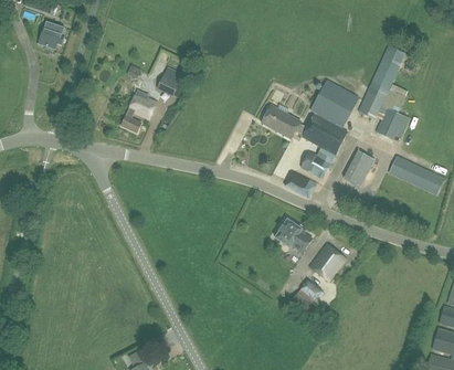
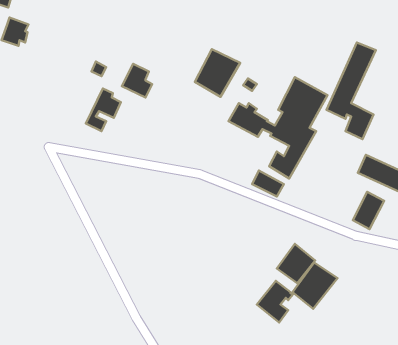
building: none -> [195,49,240,97]
building: [344,149,374,186] -> [353,192,384,229]
building: [275,218,313,252] -> none
building: none -> [292,263,337,309]

